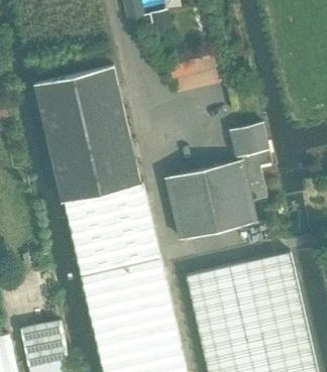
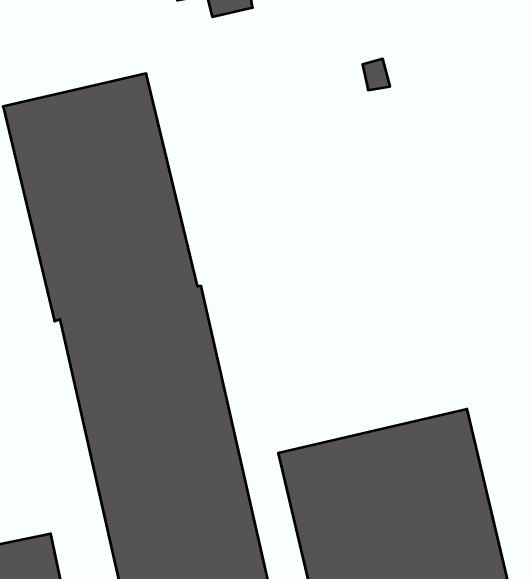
building: [167,123,272,239] -> none

